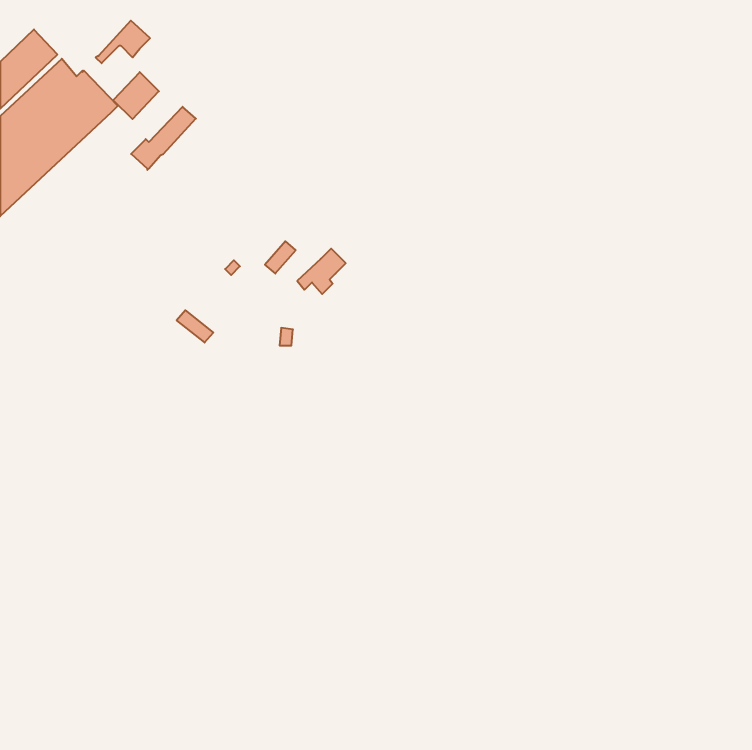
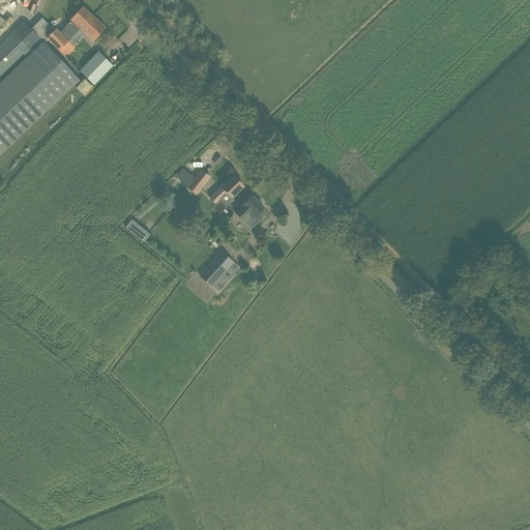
building: [131,107,196,170] -> [47,6,92,51]
building: none -> [235,196,264,228]
building: none -> [199,249,239,290]

